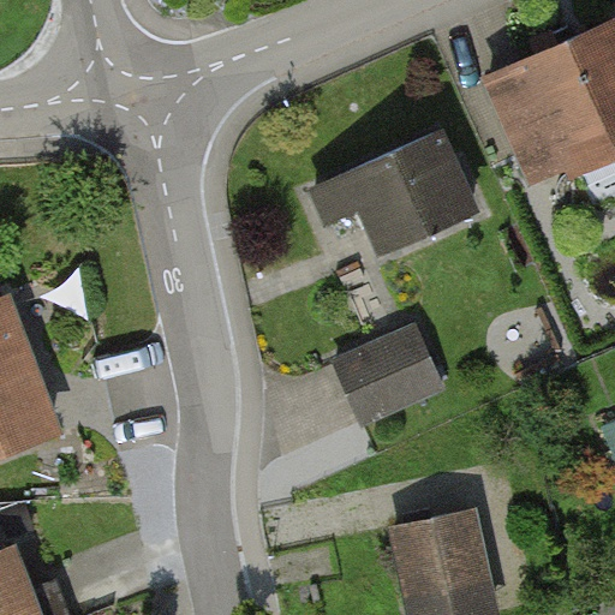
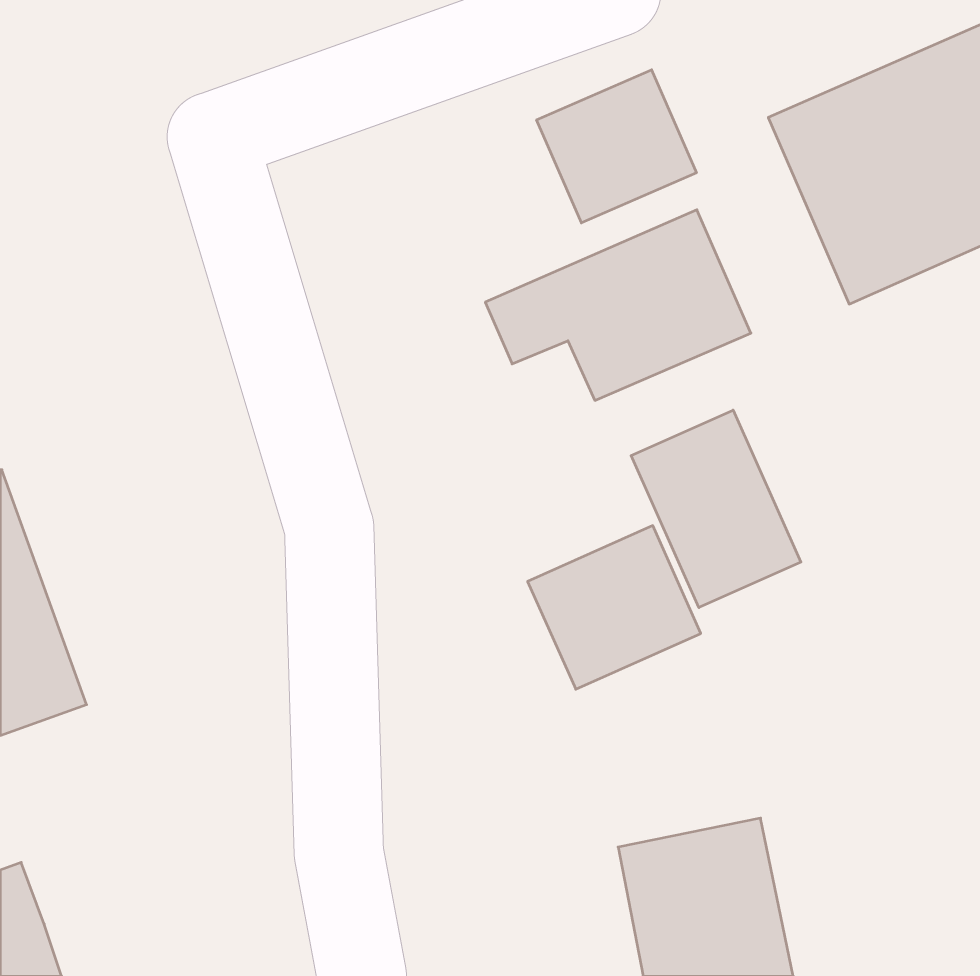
building: none -> [537,70,696,223]
building: none -> [631,410,801,608]

